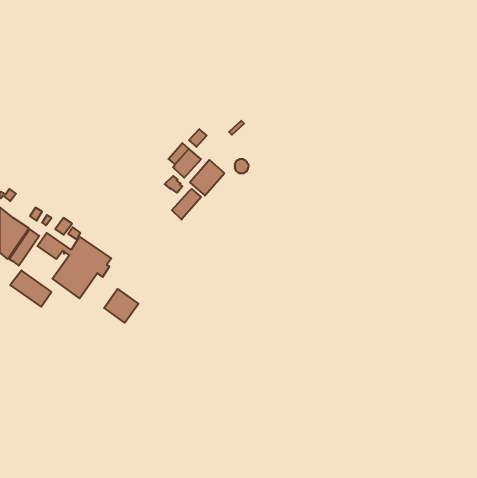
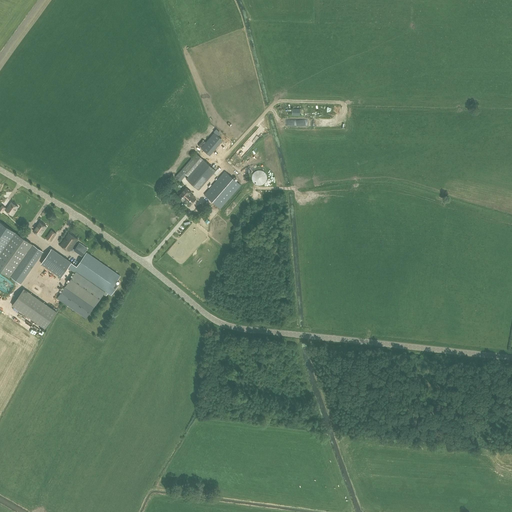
building: [172,189,201,220] -> none
building: [104,289,138,323] -> none

